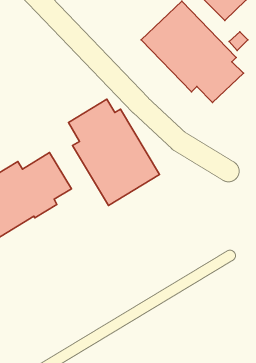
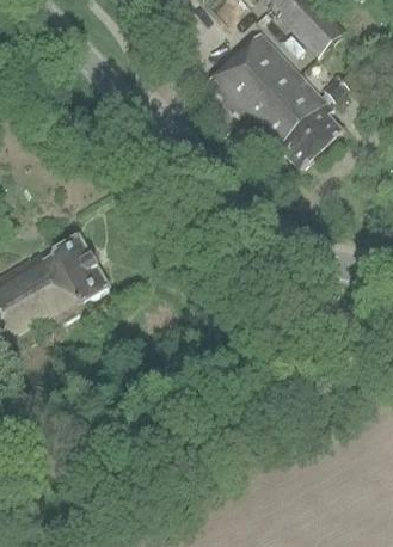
building: [69,99,159,205] -> none

